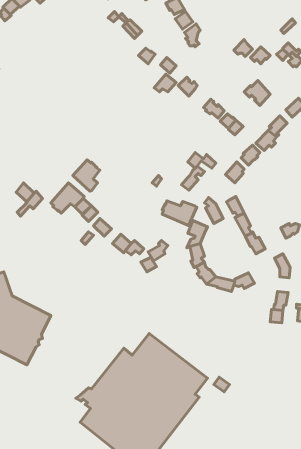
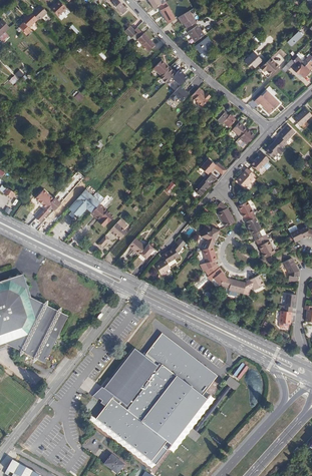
building: [73,160,100,191] -> none
building: [162,201,197,226] -> none

